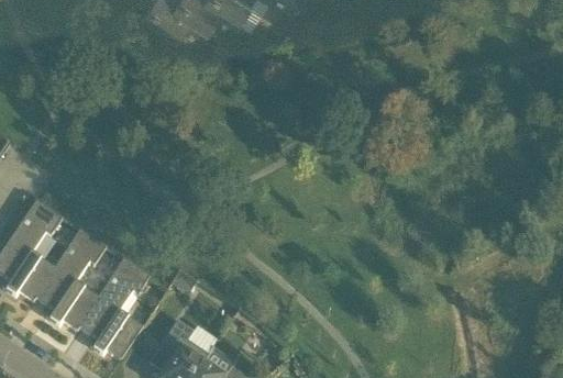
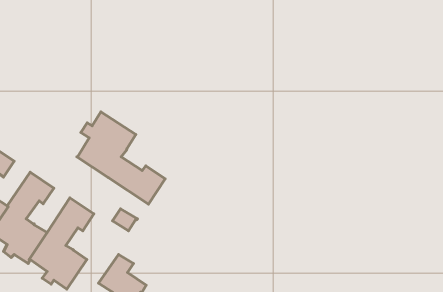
building: none -> [77,112,165,204]

